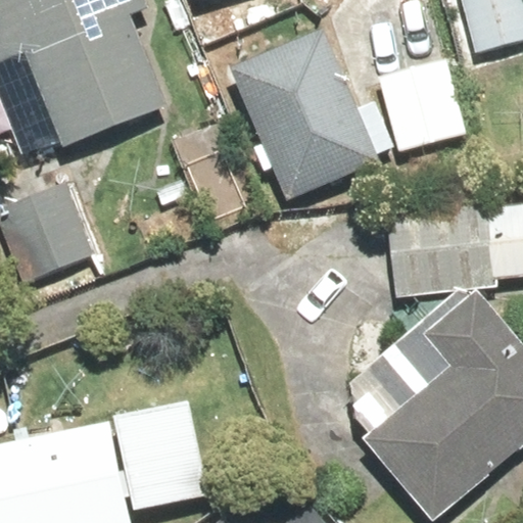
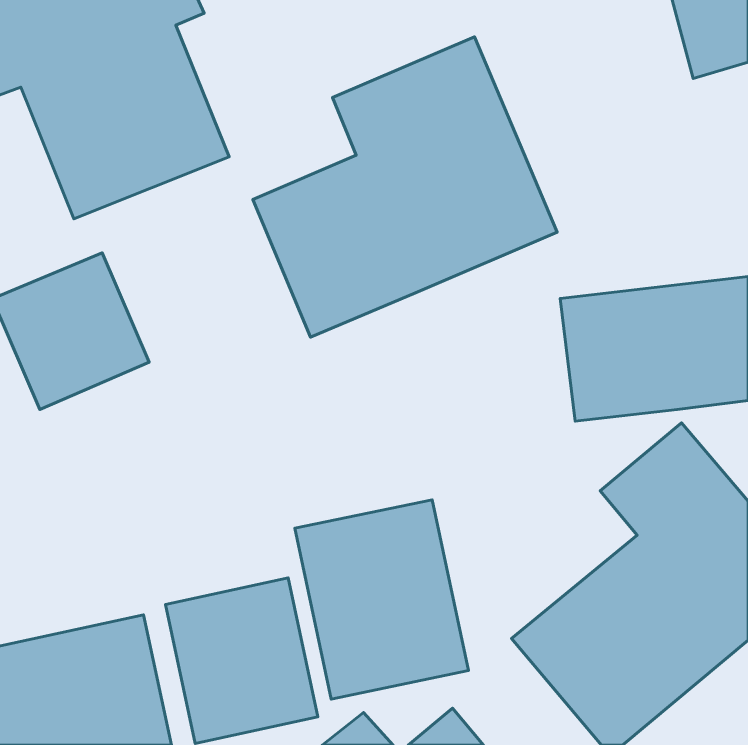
building: [379,54,475,155] -> none
building: none -> [295,500,468,699]

